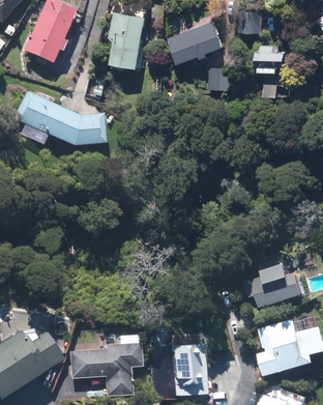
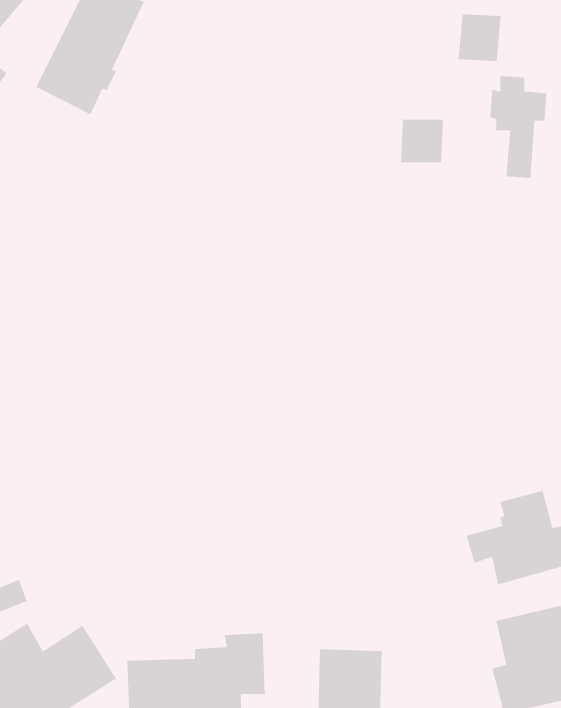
building: [112,11,147,68] -> none
building: [170,21,227,64] -> none
building: [11,92,100,147] -> none

